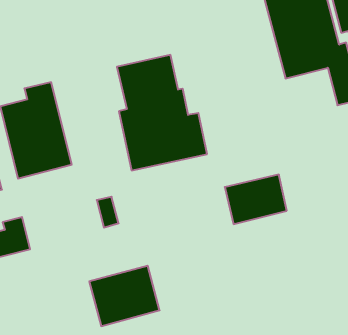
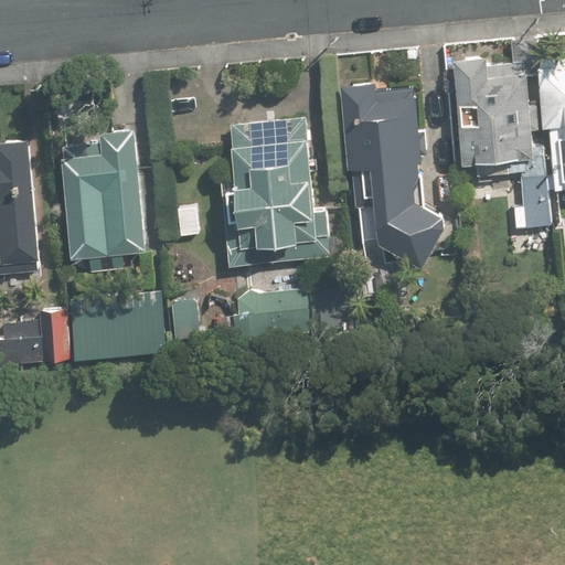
building: none -> [337,85,450,267]
building: [225,175,287,224] -> [232,287,310,343]
building: [89,266,160,326] -> [75,290,163,361]

